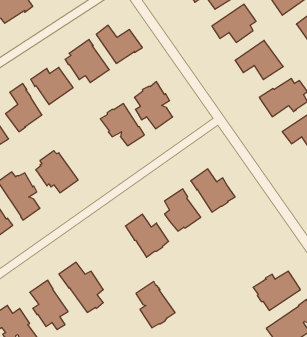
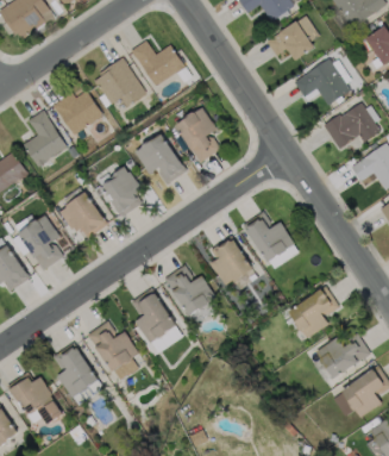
building: none -> [101,165,142,215]
building: none -> [289,286,340,339]
building: [136,282,175,328] -> [130,288,176,343]

